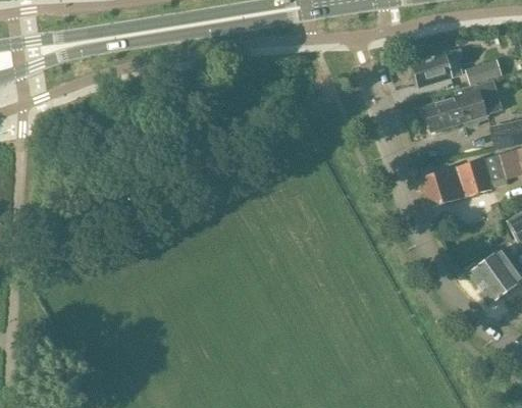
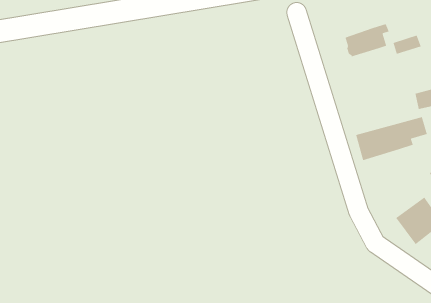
building: [423,83,489,130] -> none

